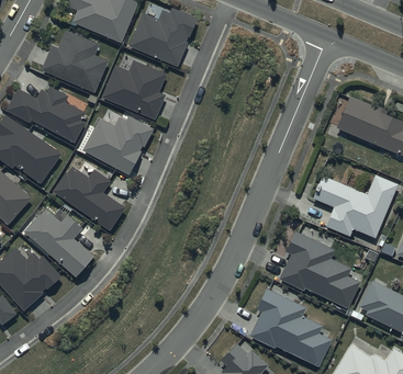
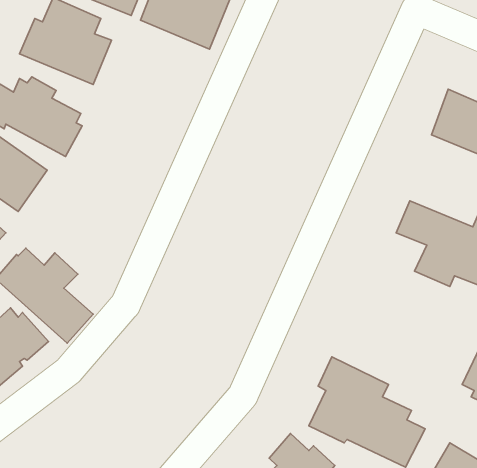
building: [102,60,167,121] -> none
building: [83,115,154,175] -> none
building: [53,166,126,231] -> none
building: [279,230,360,308] -> none

